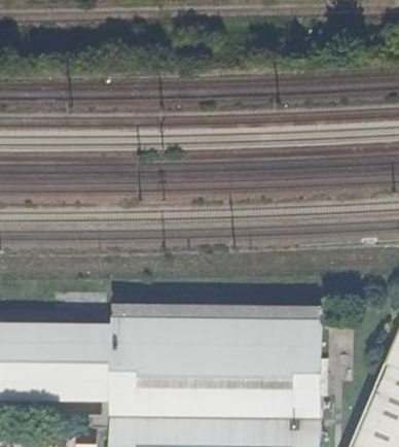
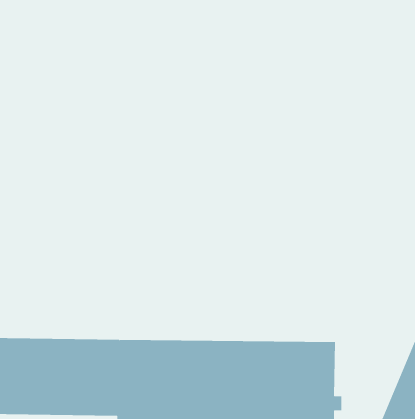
building: [116,306,322,330] -> none

